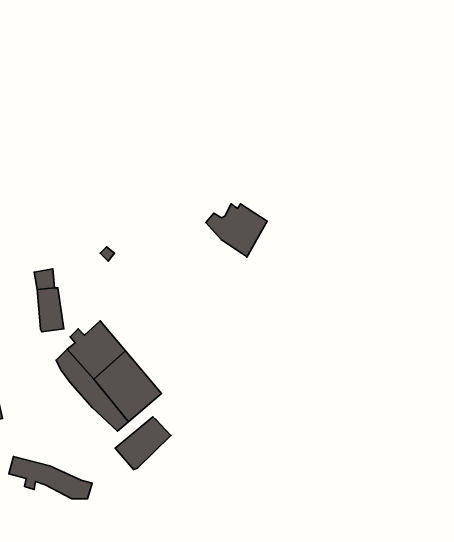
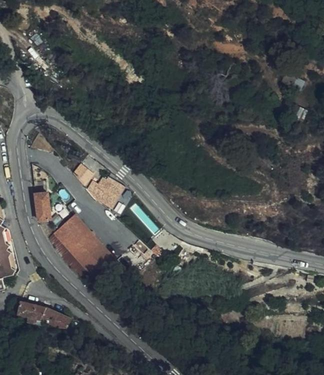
building: [206,204,267,257] -> [86,175,125,209]
building: [115,417,171,470] -> none

